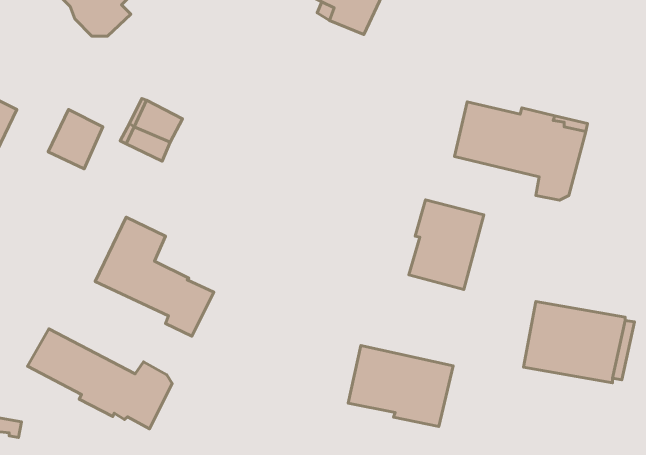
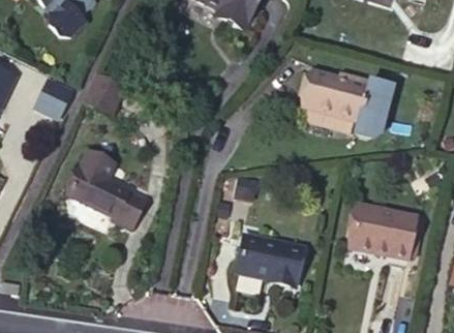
building: [409,200,484,290] -> none
building: [27,329,172,429] -> none

